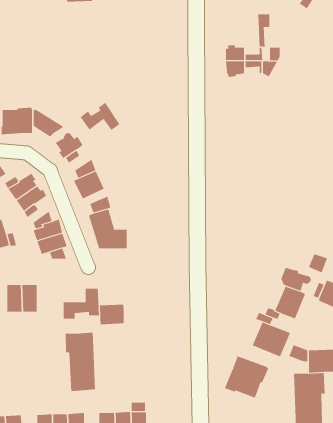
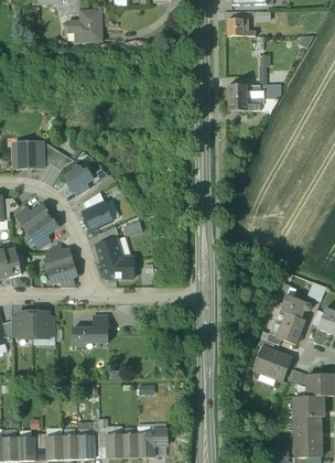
building: [80,102,120,131] -> none
building: [100,304,124,325] -> none
building: [65,332,95,392] -> none
building: [224,355,269,398] -> none

